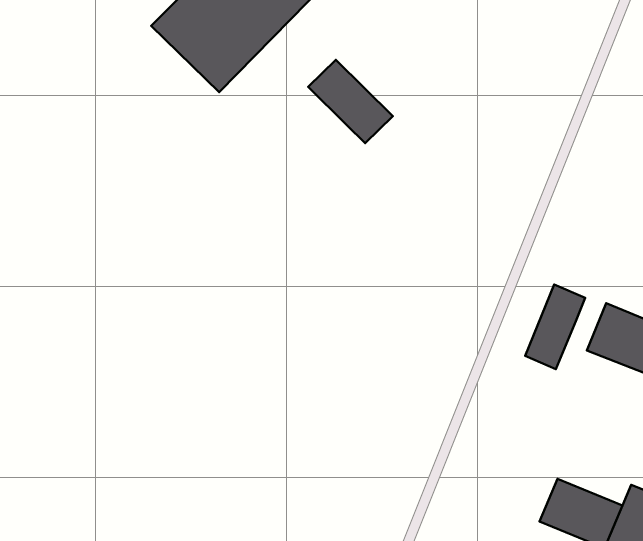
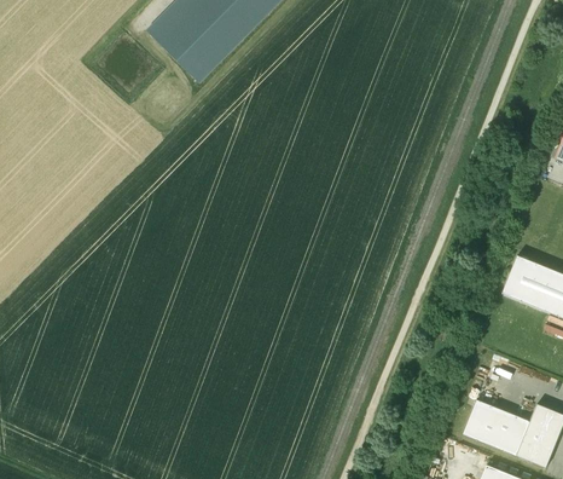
building: [308,60,393,143] -> none
building: [525,285,585,369] -> none

